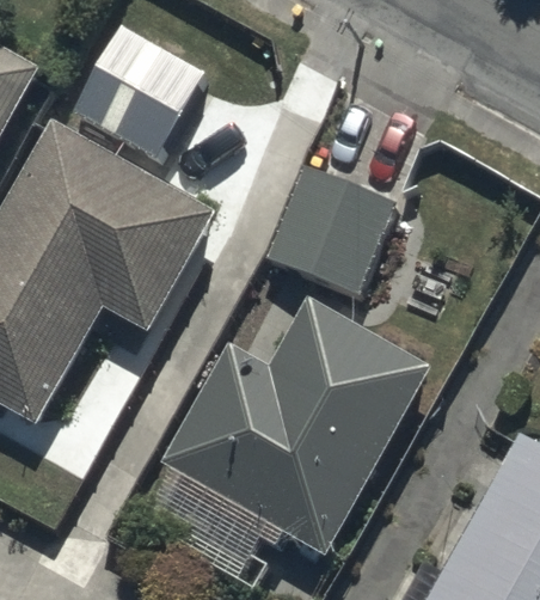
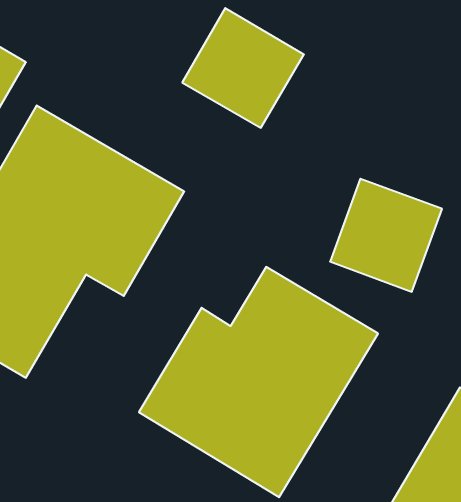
building: [70,25,205,158] -> [182,8,304,128]
building: [266,167,391,293] -> [330,179,442,292]

